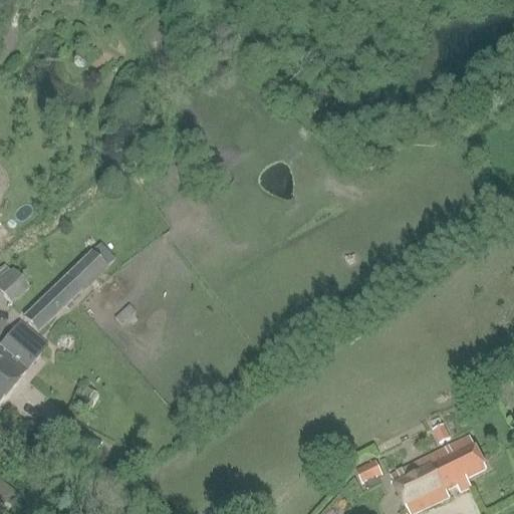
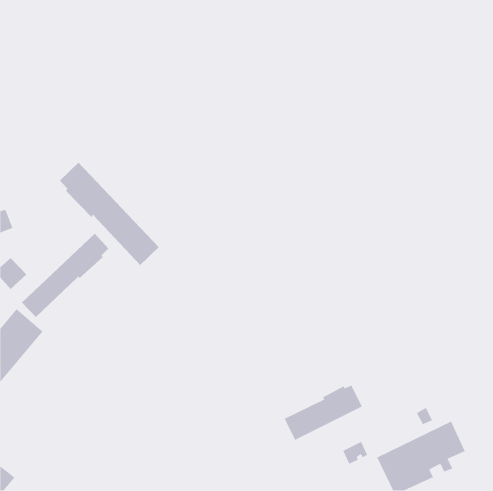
building: none -> [59,162,159,266]
building: none -> [284,385,363,441]

